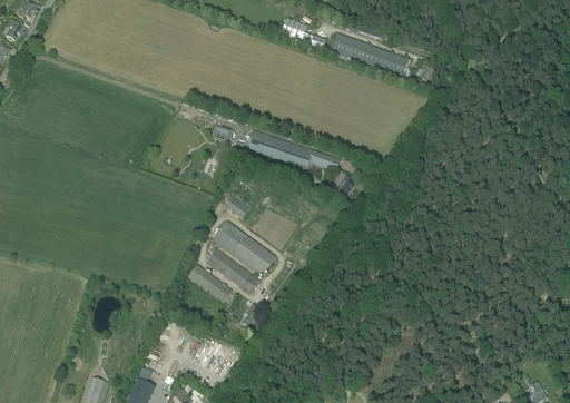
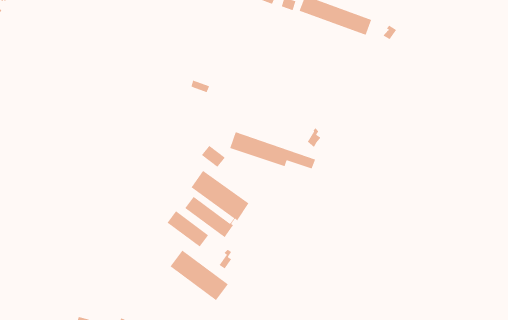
building: [247,129,341,170] -> [229,131,316,169]
building: none -> [169,249,229,301]

